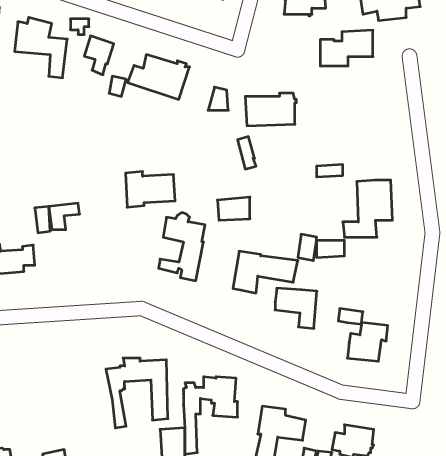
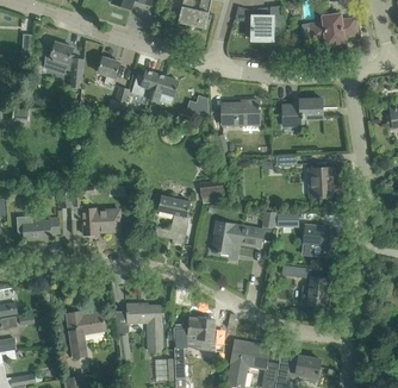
building: [320,30,373,66] -> [281,98,322,125]
building: [126,172,175,207] -> [82,207,120,234]
building: [275,288,317,328] -> [303,225,335,256]
building: none -> [66,311,105,356]

